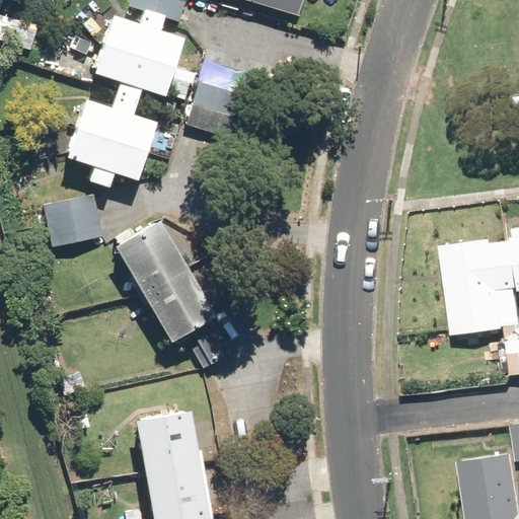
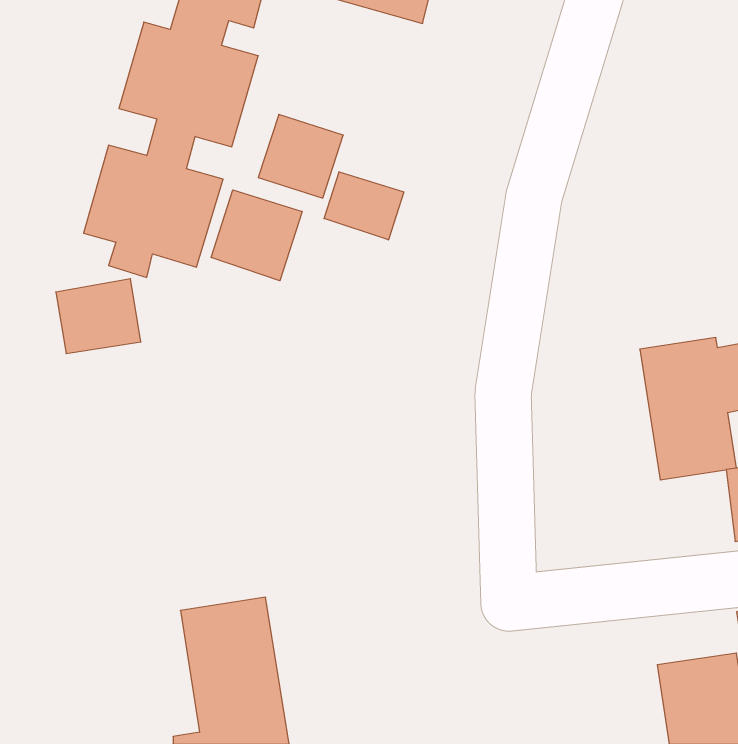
building: none -> [324,172,404,240]
building: none -> [211,190,302,281]
building: [110,220,237,368] -> none

